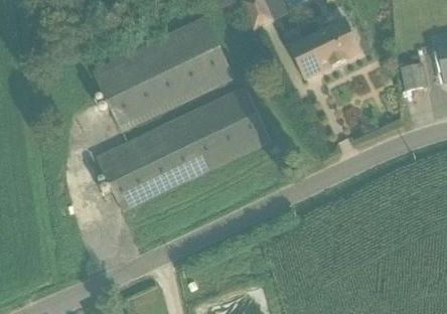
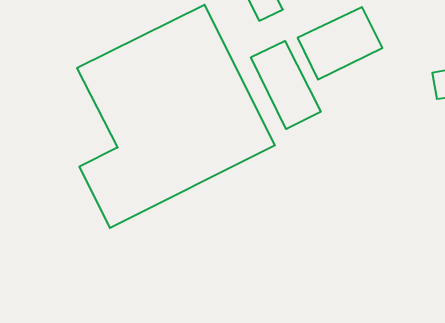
building: none -> [251,41,321,129]

